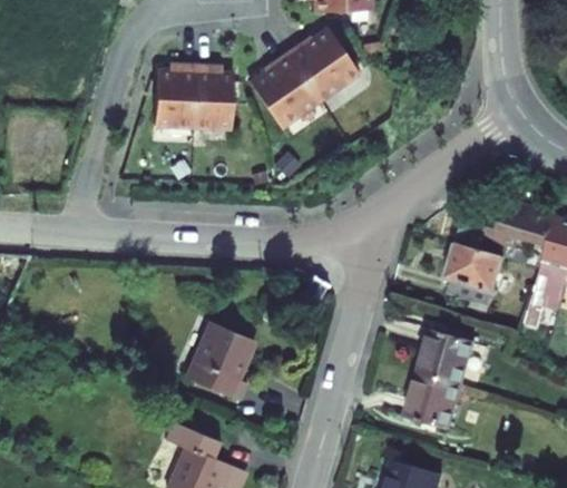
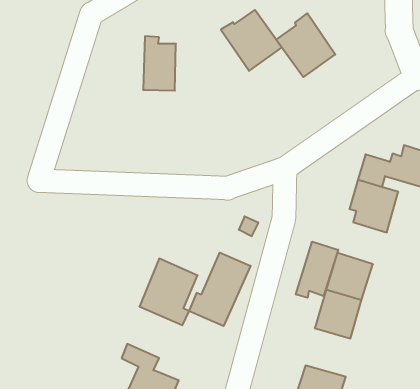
building: [253,55,323,130] -> [276,13,335,77]
building: [159,62,199,126] -> none
building: none -> [296,242,338,298]
building: none -> [189,253,251,326]

